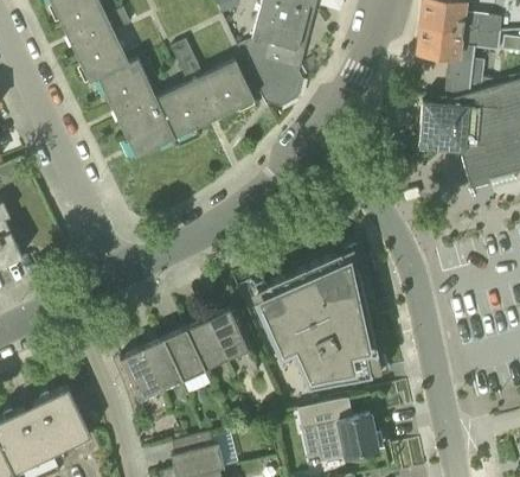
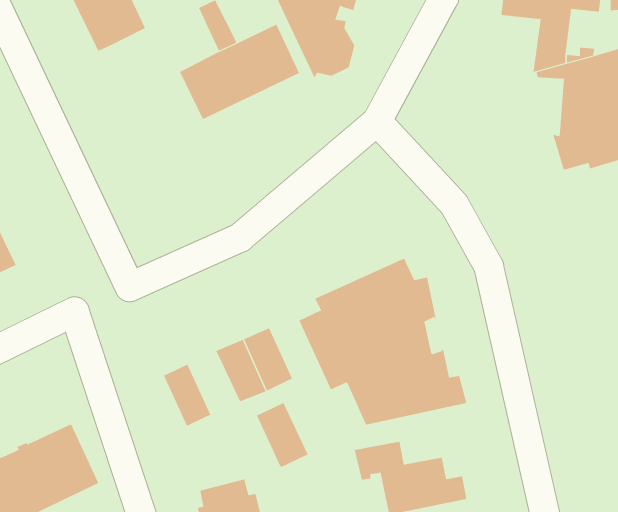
building: [98,62,175,159] -> none
building: [419,103,469,153] -> none
building: [163,329,206,382] -> [256,402,309,468]
building: [122,349,162,401] -> none

